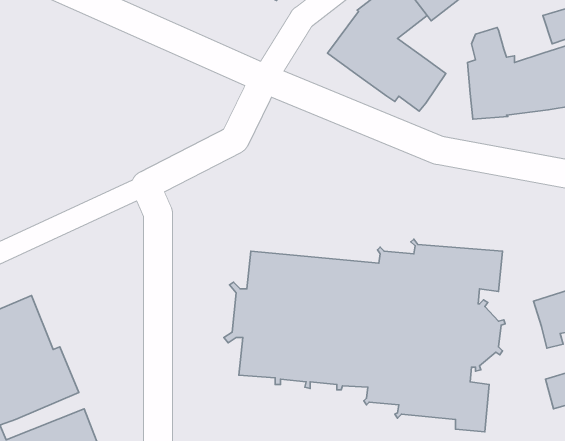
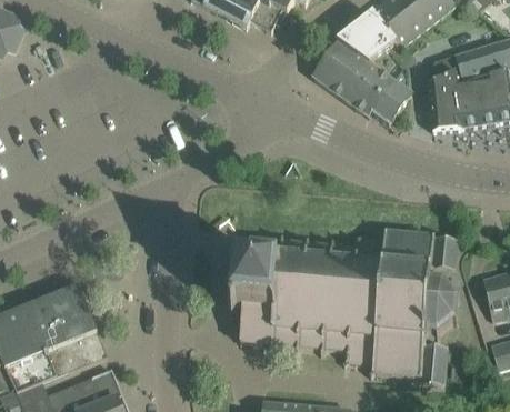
building: none -> [453,43,498,78]

